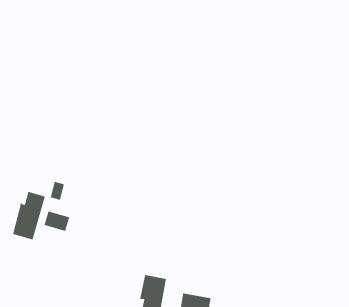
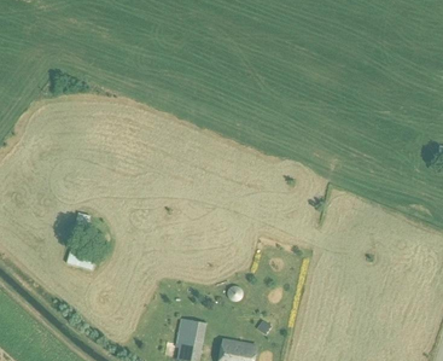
building: [12,191,46,240] -> none

